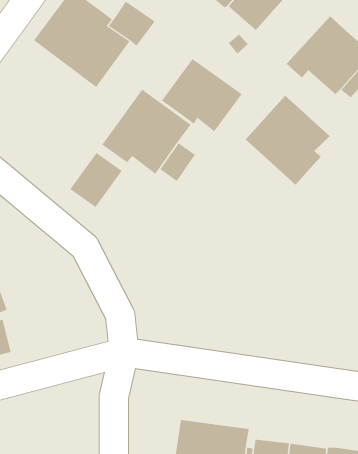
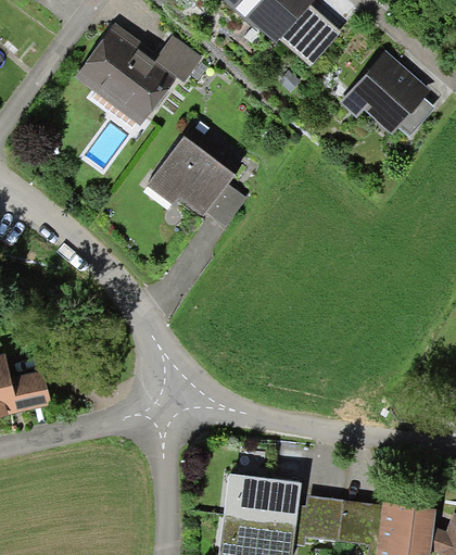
building: [161,58,243,132] -> none
building: [245,95,330,186] -> none
building: [70,152,123,208] -> none

